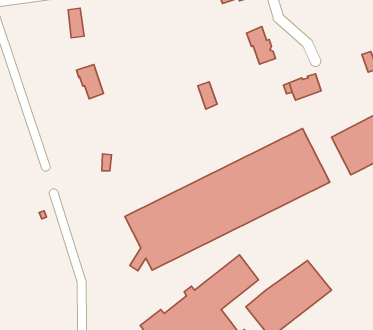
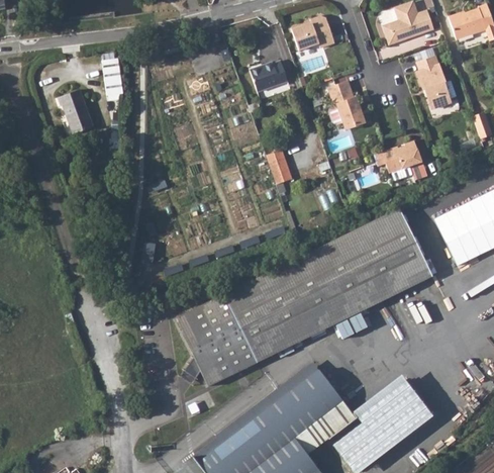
building: none -> [416,55,450,107]
building: none -> [250,62,287,92]
building: [76,65,104,99] -> [59,89,93,132]
building: none -> [296,400,353,451]

